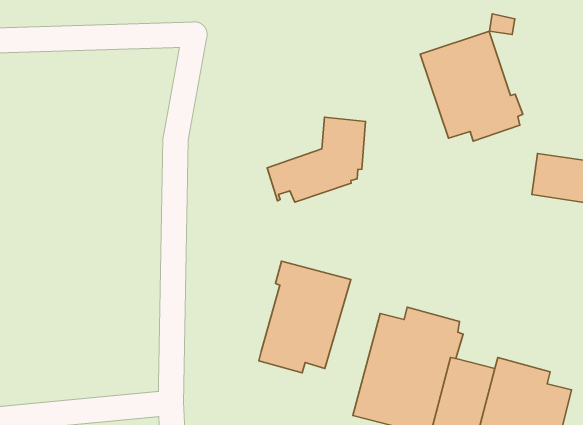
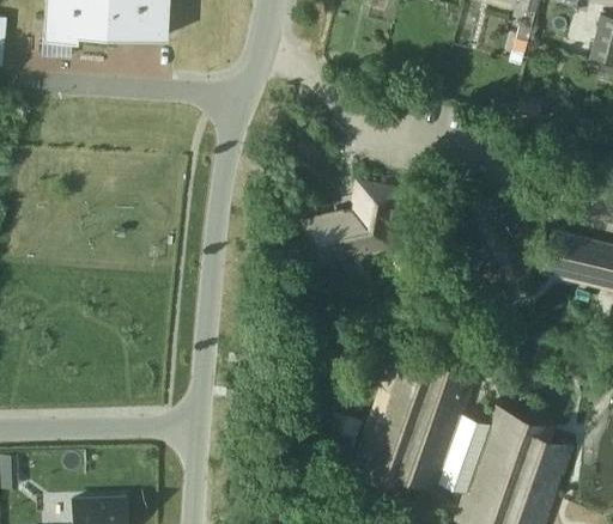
building: [420,31,523,141] -> none
building: [259,261,351,373] -> none

